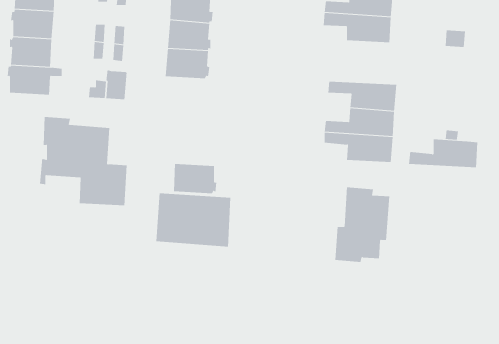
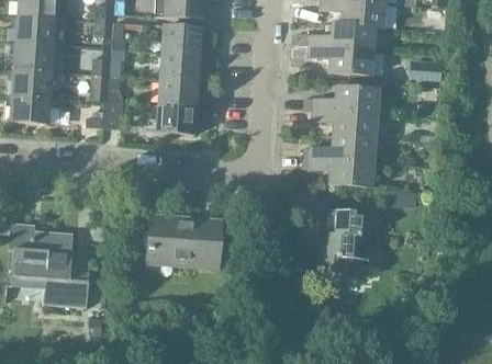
building: [39,116,128,206] -> [8,221,91,306]
building: [408,139,478,168] -> [313,86,379,113]
building: [173,164,217,194] -> [157,105,199,134]

